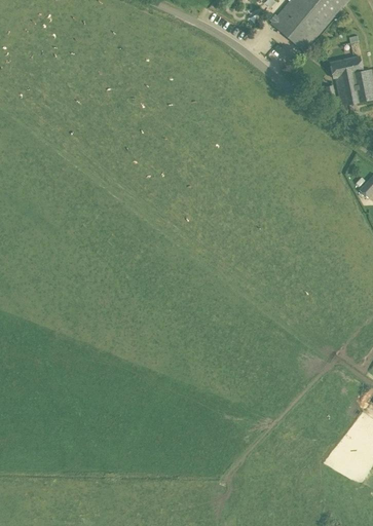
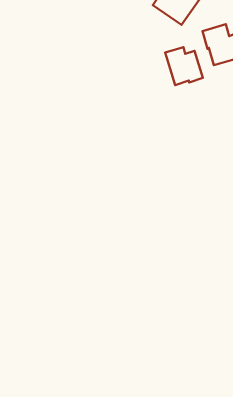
building: none -> [165,47,203,85]

